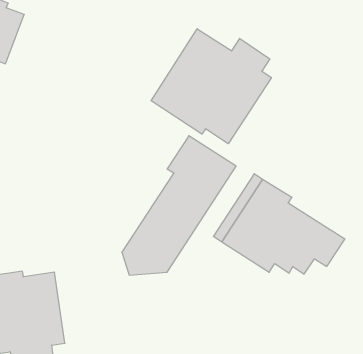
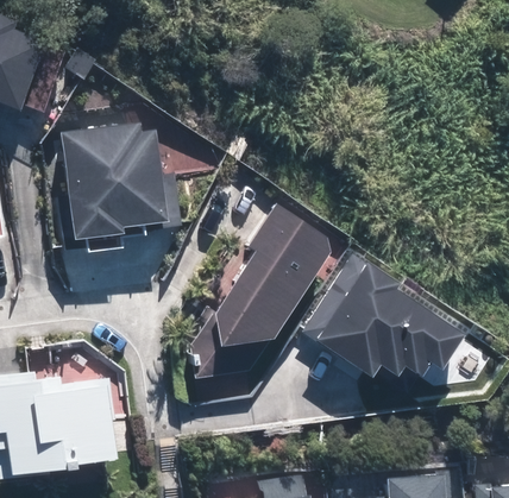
building: [151,29,271,144] -> none
building: none -> [42,120,181,253]

